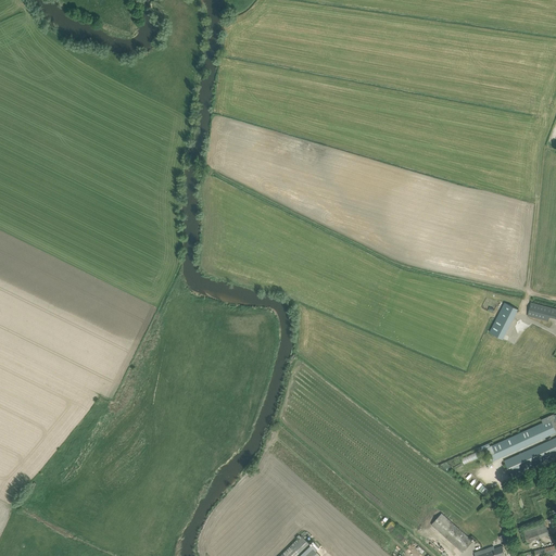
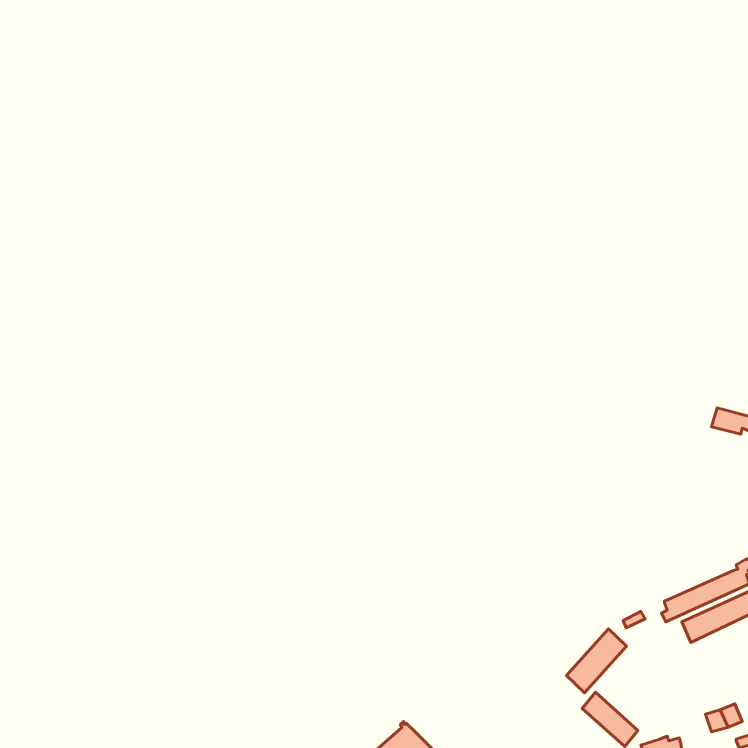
building: [490,303,519,340] -> none
building: none -> [567,629,626,693]

